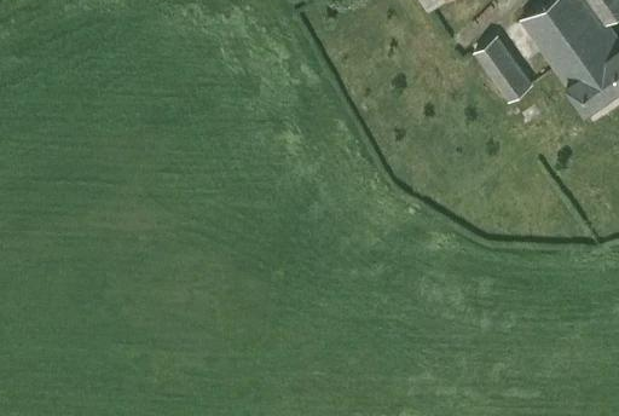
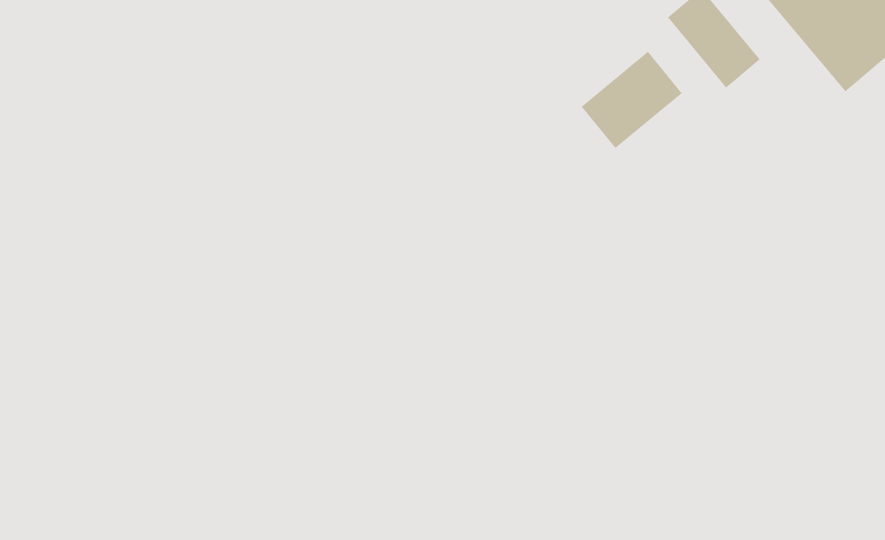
building: none -> [581,51,682,149]

